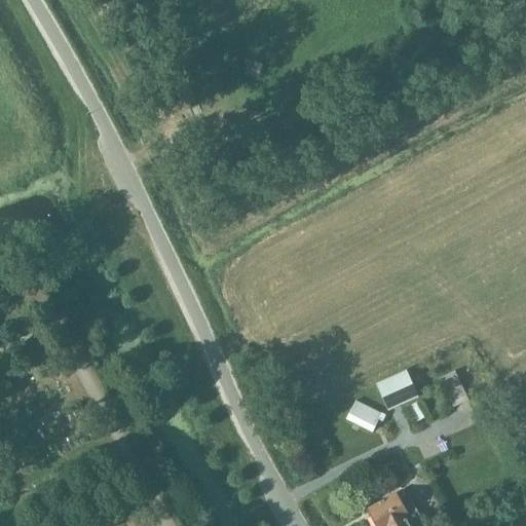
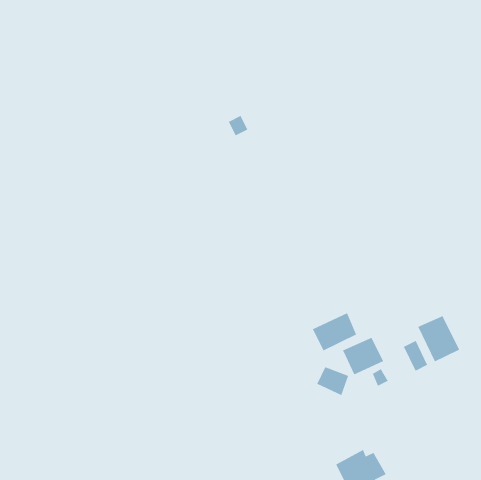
building: none -> [312,312,357,352]
building: none -> [417,315,461,363]

